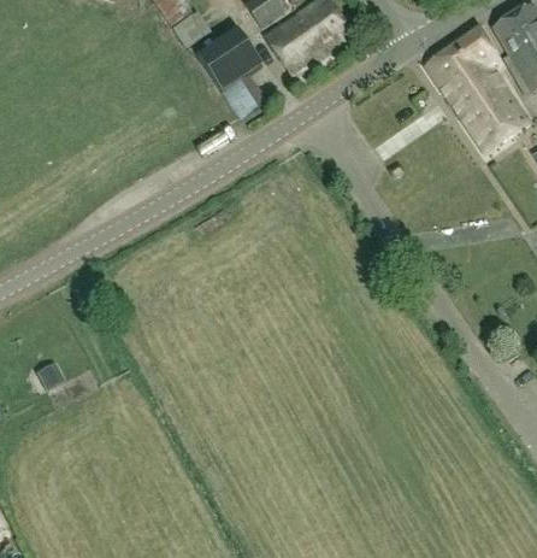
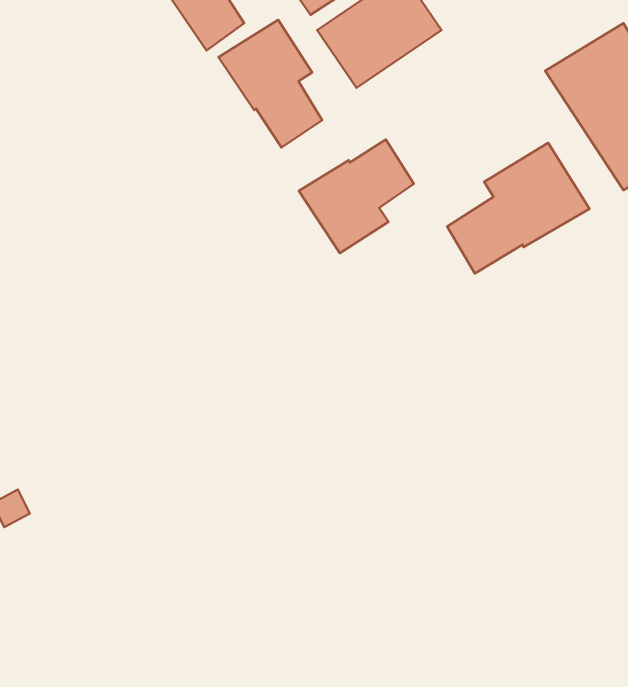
building: none -> [299,139,414,253]
building: none -> [447,143,590,273]

